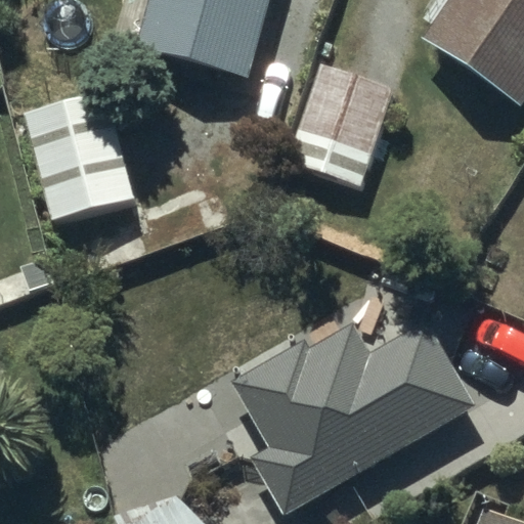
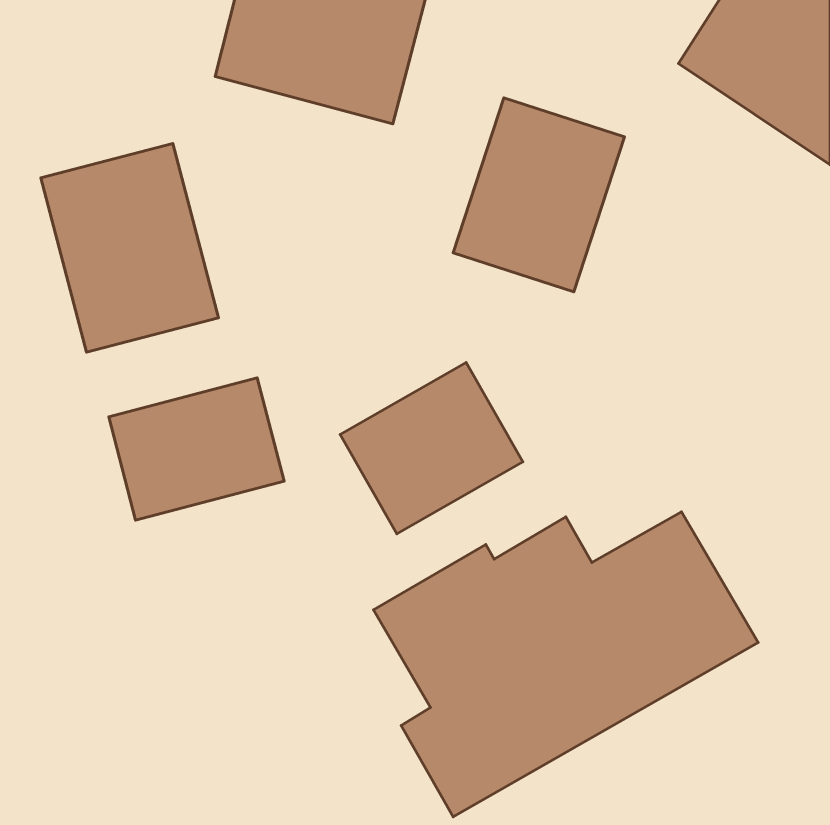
building: none -> [340,362,523,534]
building: none -> [109,378,284,520]

